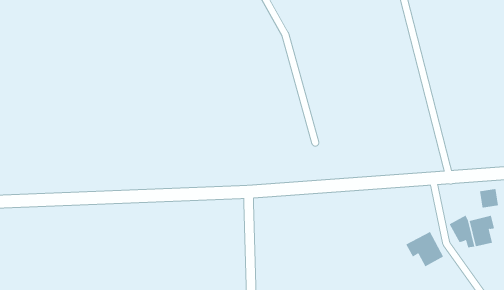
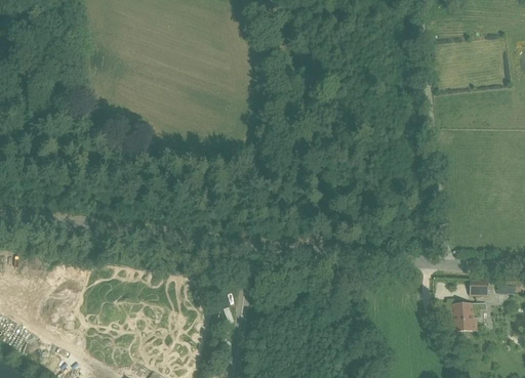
building: [406,231,444,267] -> none

